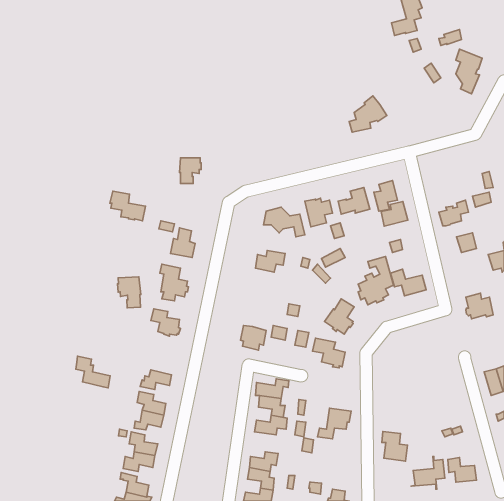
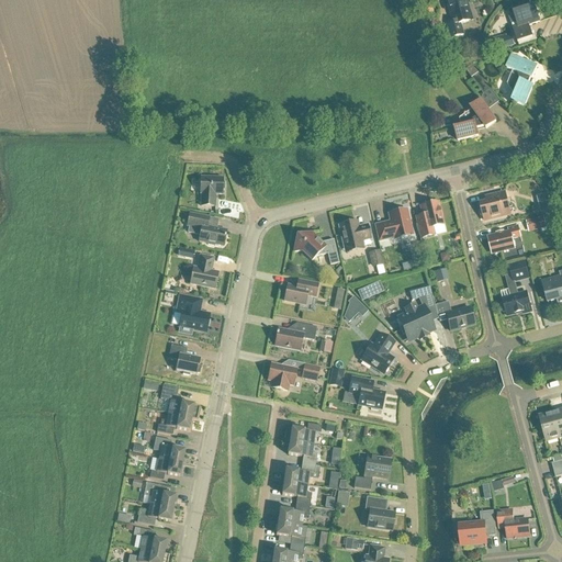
building: none -> [509,4,540,42]
building: [349,96,387,132] -> [454,98,496,138]
building: [110,191,145,221] -> [187,212,226,245]
building: [381,201,408,226] -> [481,191,510,218]
building: [118,277,141,308] -> none
building: none -> [274,322,316,349]
building: [466,293,493,319] -> [501,285,531,314]
building: [76,356,110,388] -> [160,383,199,418]
building: [382,431,407,461] -> [366,496,394,529]
building: none -> [281,481,319,506]

